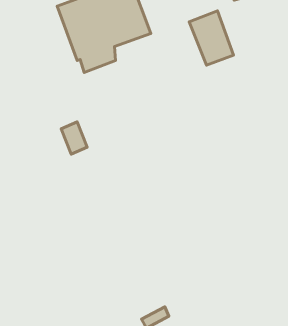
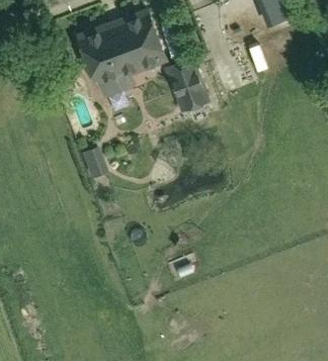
building: [189,11,234,65] -> [166,59,211,113]

